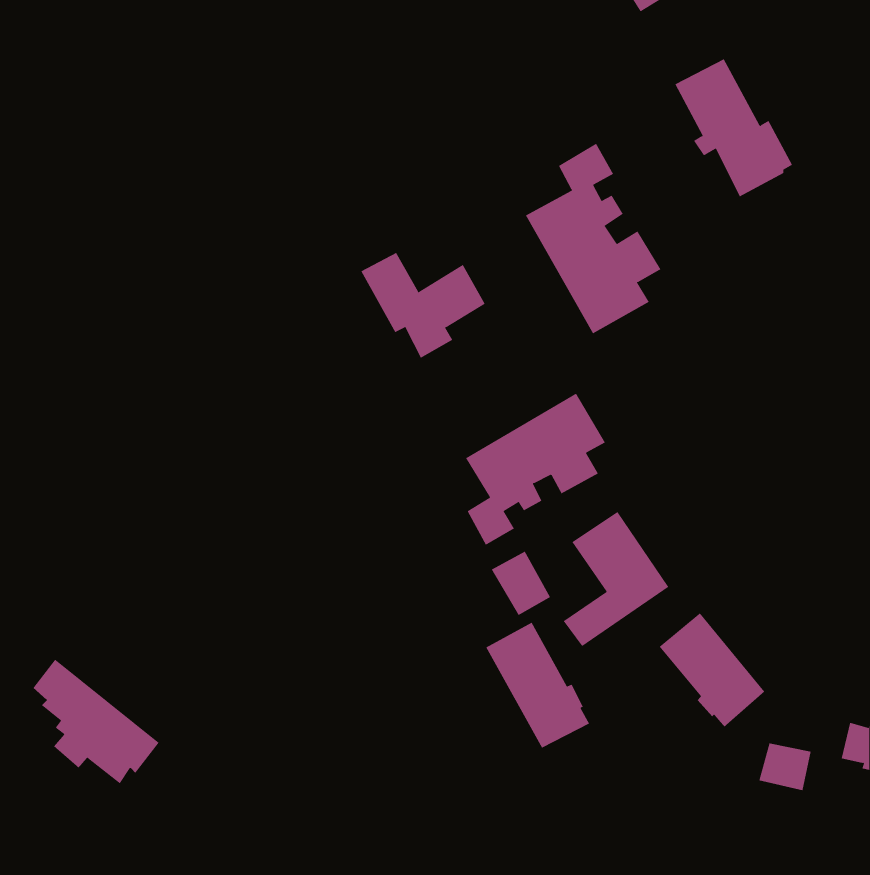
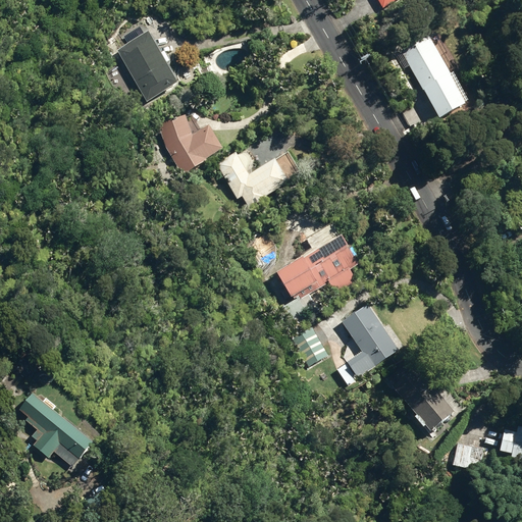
building: none -> [115,31,177,100]
building: [525,143,661,334] -> none
building: none -> [155,113,224,174]
building: [486,622,590,748] -> none

